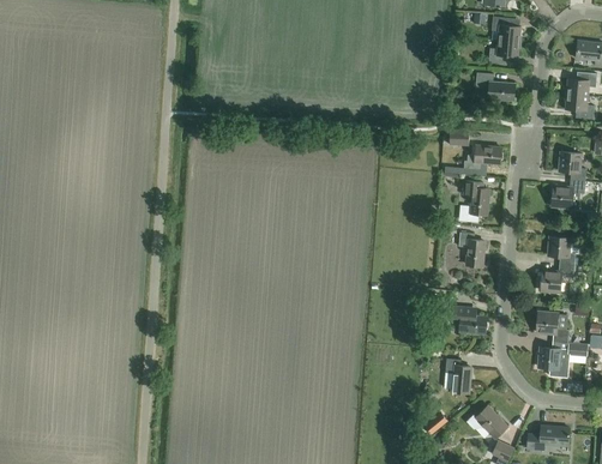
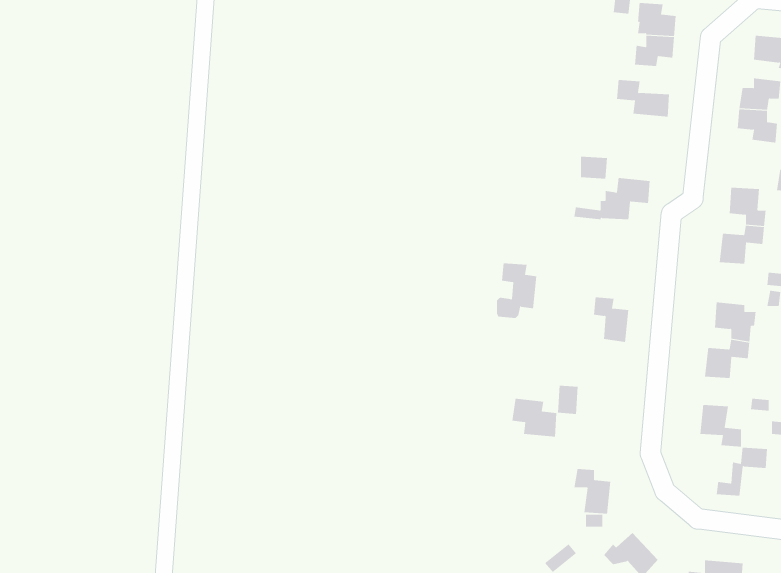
building: [460,181,490,222] -> [496,263,537,319]
building: [452,306,486,335] -> [512,398,557,437]
building: [538,342,568,369] -> none

